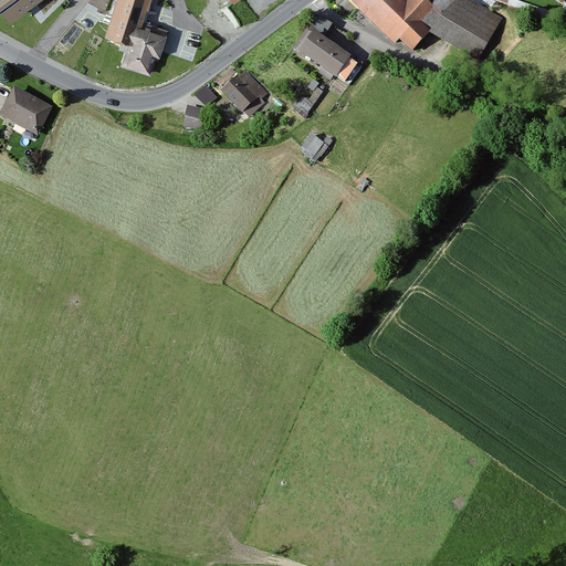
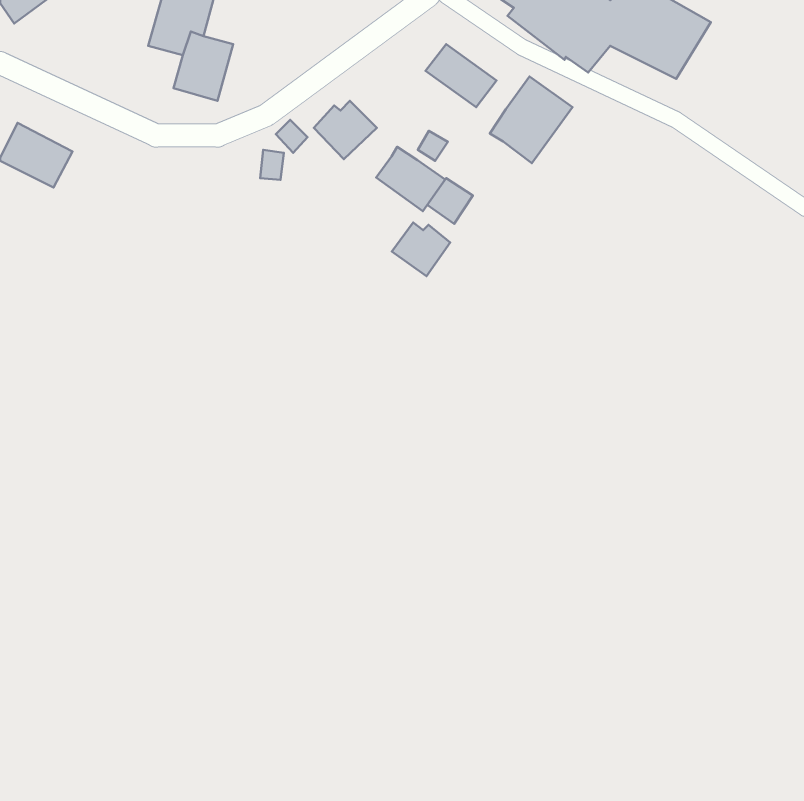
building: none -> [490,76,572,163]
building: none -> [376,147,445,211]
building: none -> [392,223,450,276]

